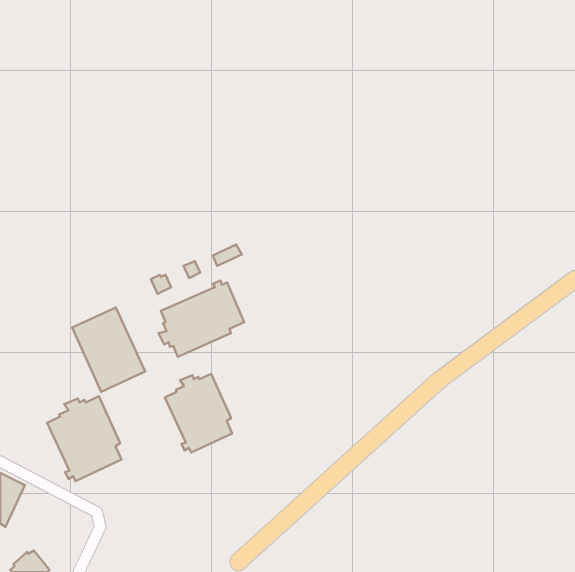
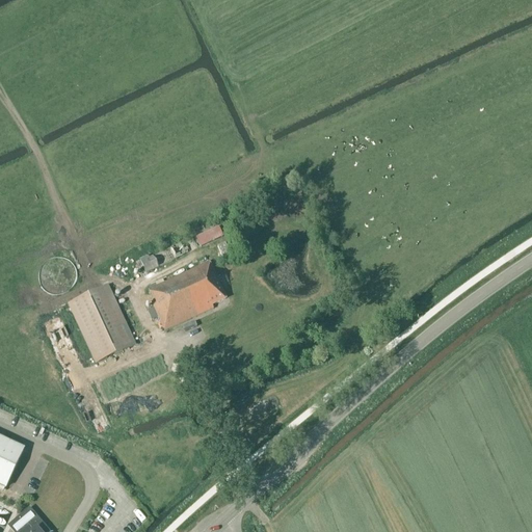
building: [165,374,232,452] -> none
building: [47,396,121,481] -> none

